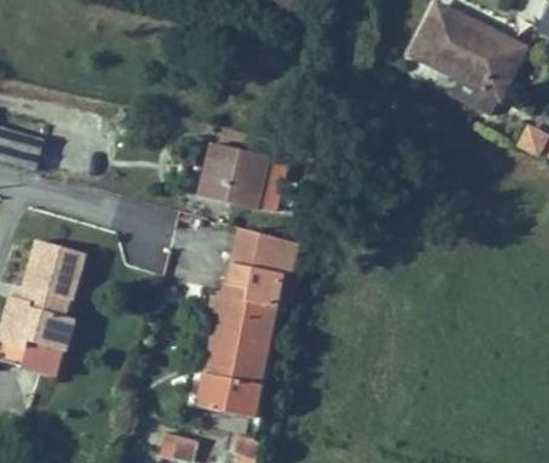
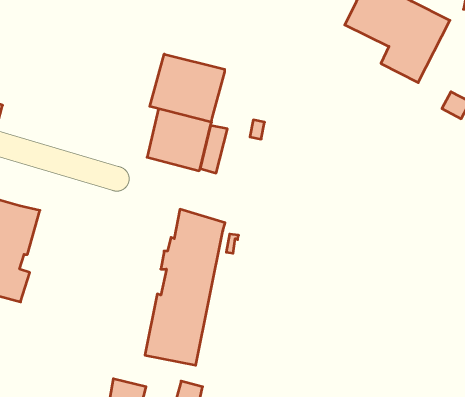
building: none -> [150,54,225,122]
building: [235,227,296,265] -> none

